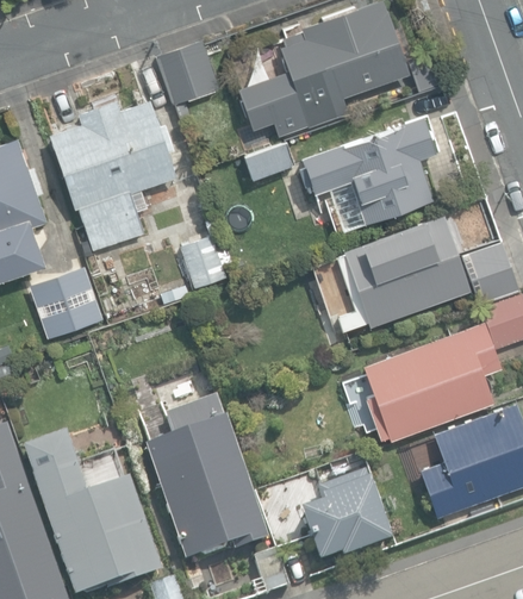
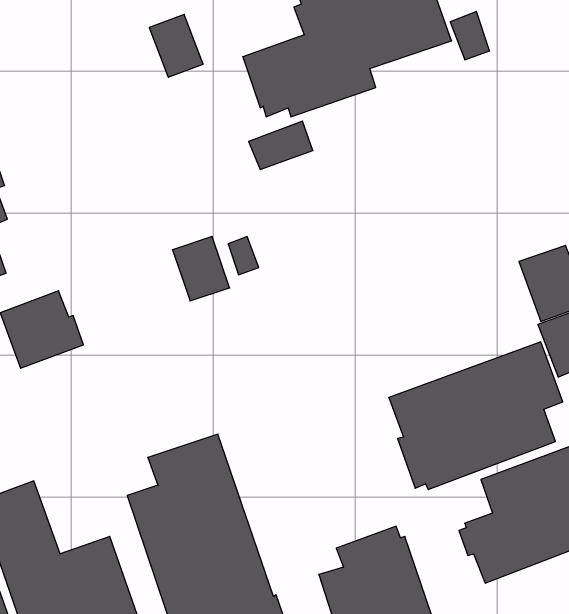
building: [50,99,178,249] -> none
building: [300,117,437,232] -> none
building: [337,213,469,331] -> none

